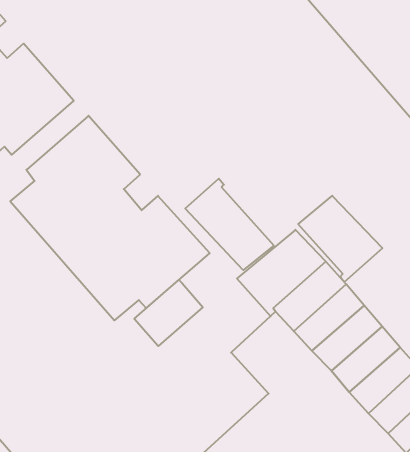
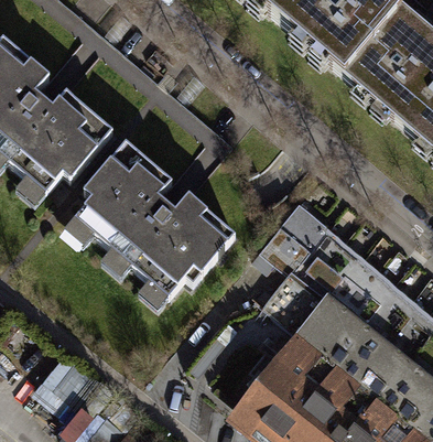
building: [185,179,274,270] -> none
building: [298,196,382,282] -> none
building: [134,280,203,346] -> none

